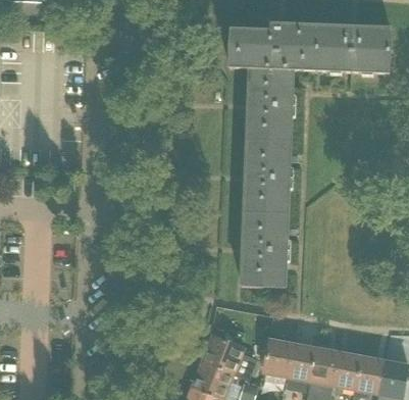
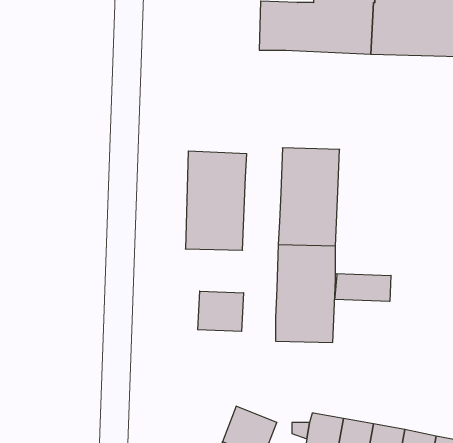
building: [247,67,293,142] -> [185,151,247,250]
building: none -> [335,273,391,301]
building: none -> [198,291,244,331]

